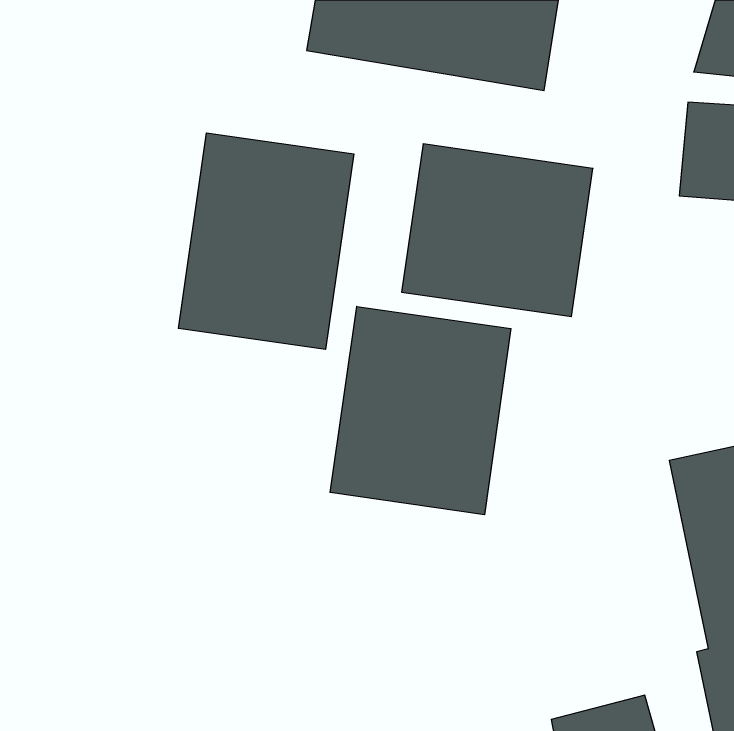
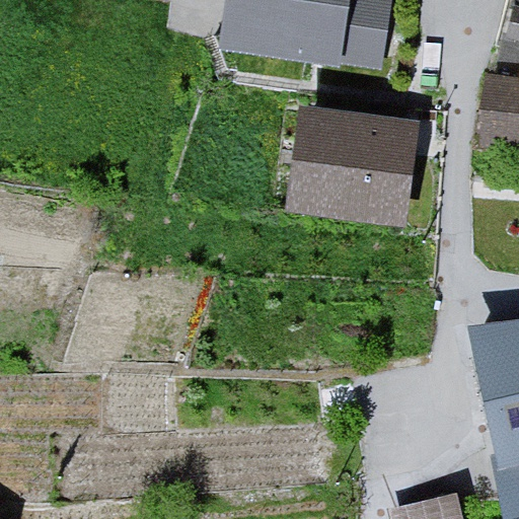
building: [178,133,354,349] -> none
building: [330,306,511,515] -> none

